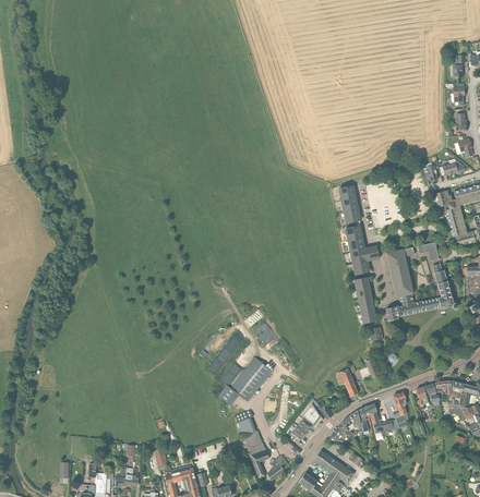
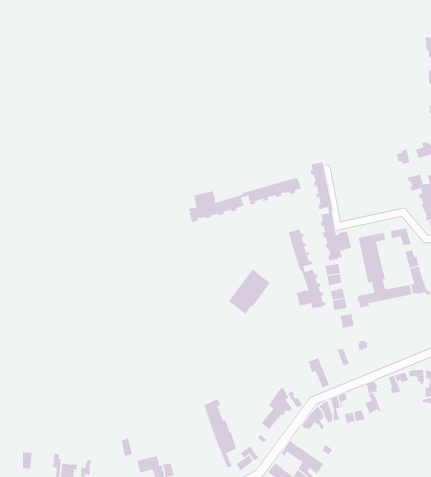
building: none -> [188,177,302,223]
building: none -> [288,228,326,310]
building: [230,355,272,400] -> [228,269,270,314]

